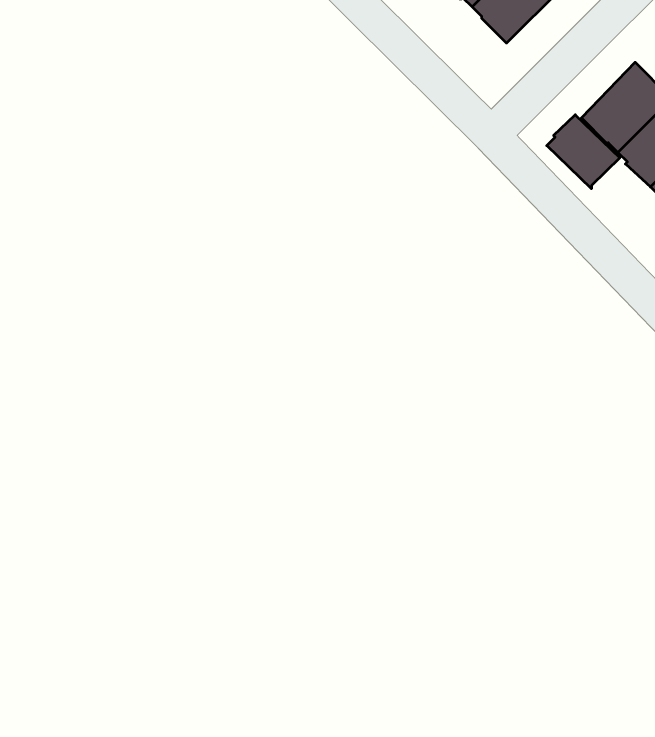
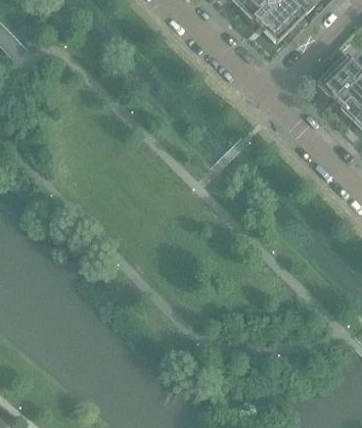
building: [547,115,620,189] -> none

